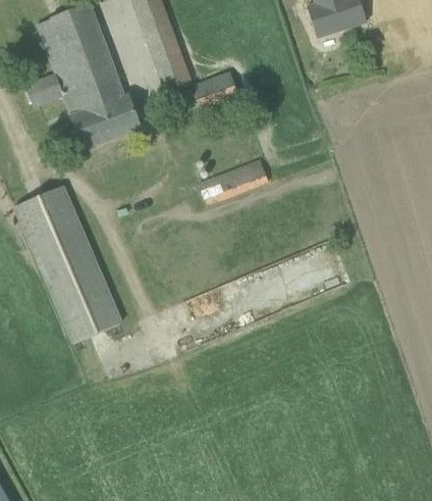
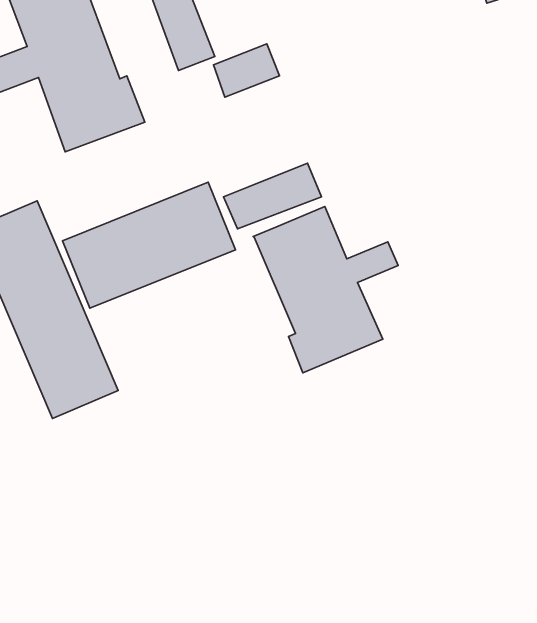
building: none -> [63,182,235,308]
building: none -> [253,206,398,373]

